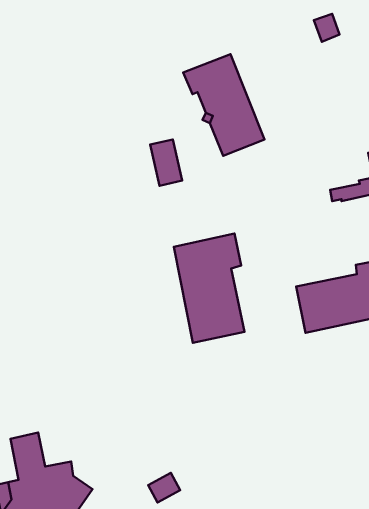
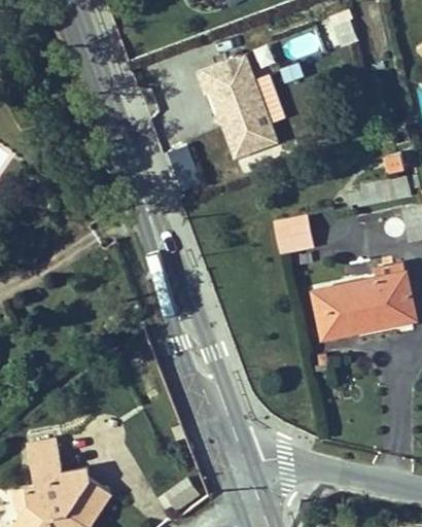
building: none -> [276,217,312,254]
building: [174,233,245,343] -> none

